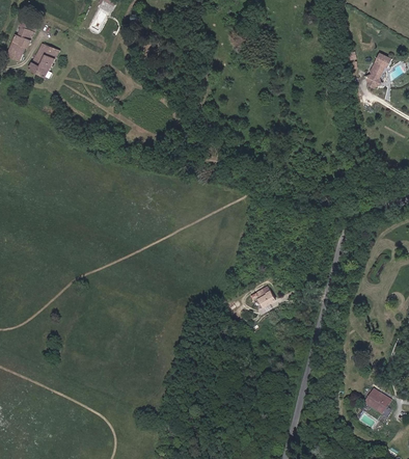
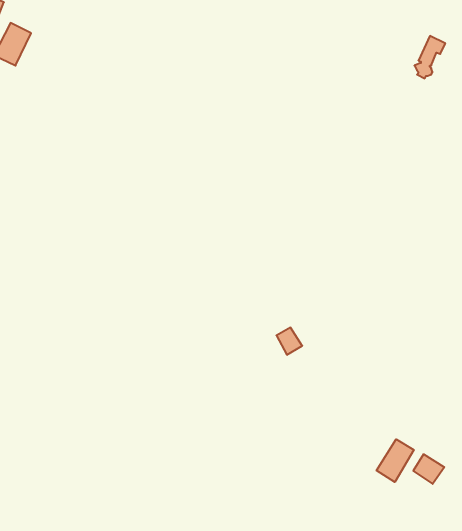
building: none -> [377,439,414,482]

